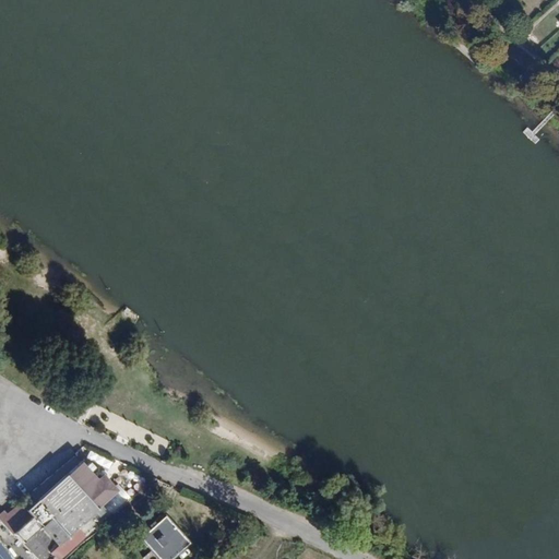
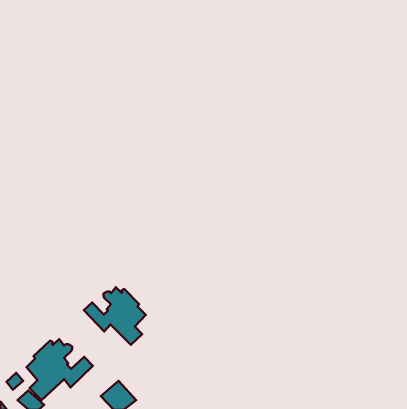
building: none -> [84,287,146,345]

